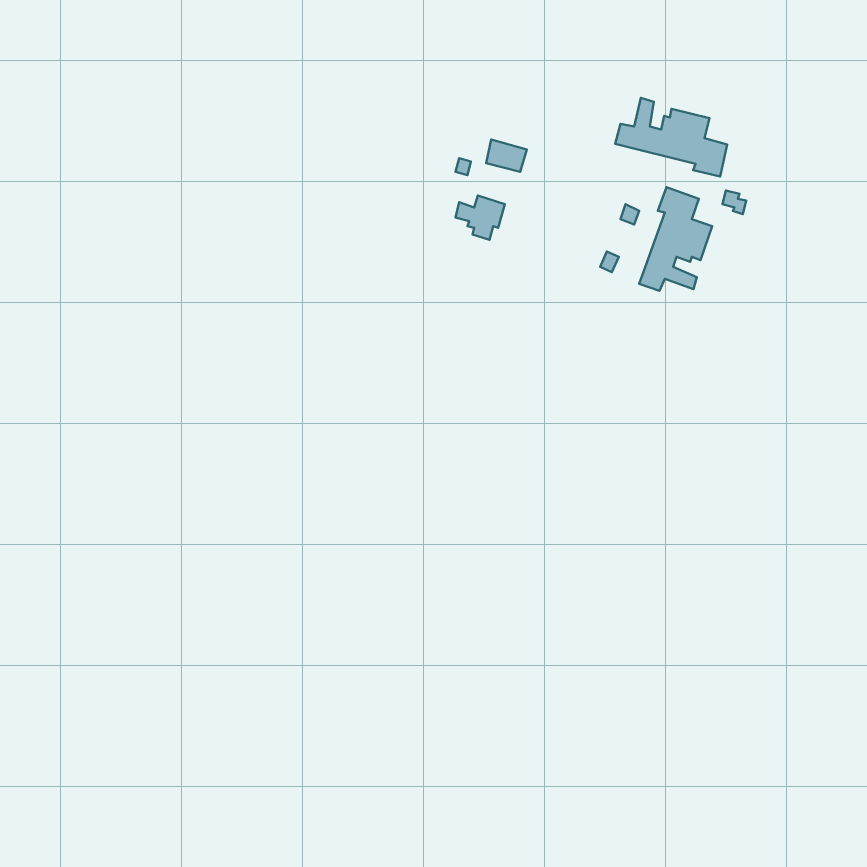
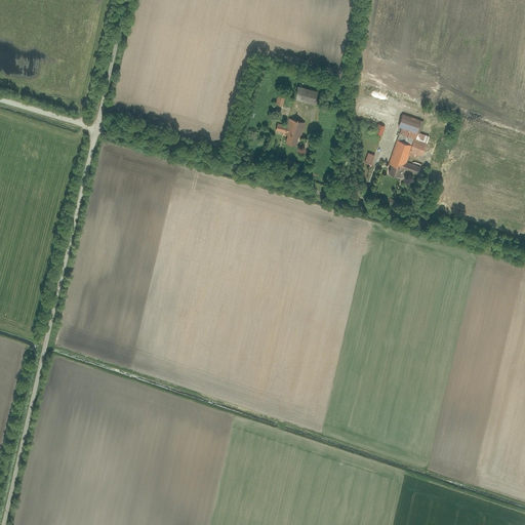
building: [615,98,727,177] -> none

